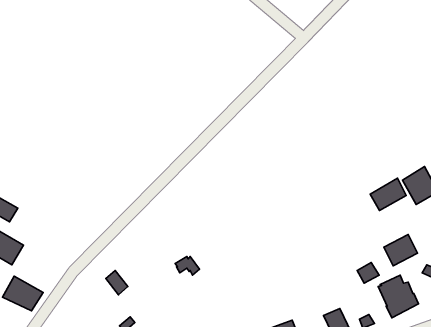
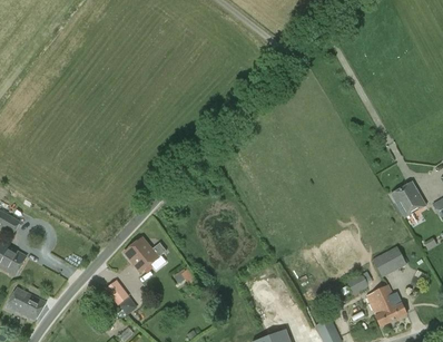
building: [370,178,406,211] -> none
building: none -> [125,237,167,271]

